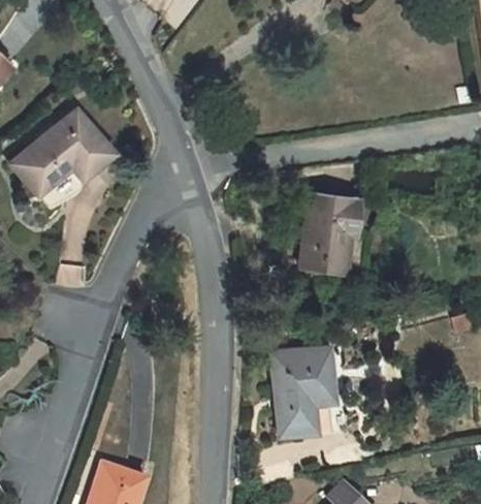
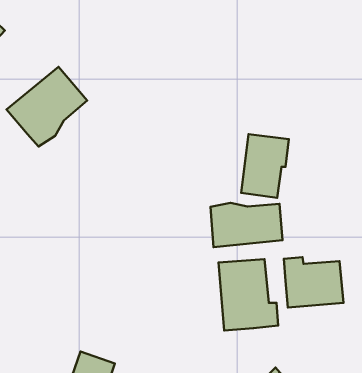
building: none -> [210,203,283,247]
building: none -> [284,257,343,308]

